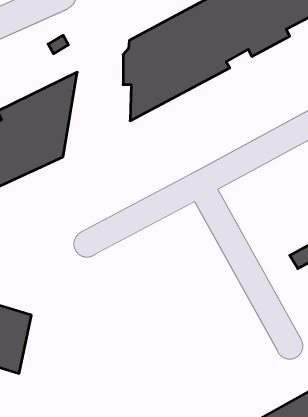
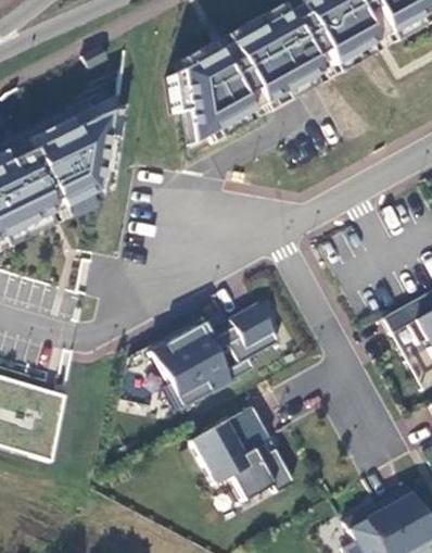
building: none -> [147,303,278,411]
building: none -> [189,405,293,501]

